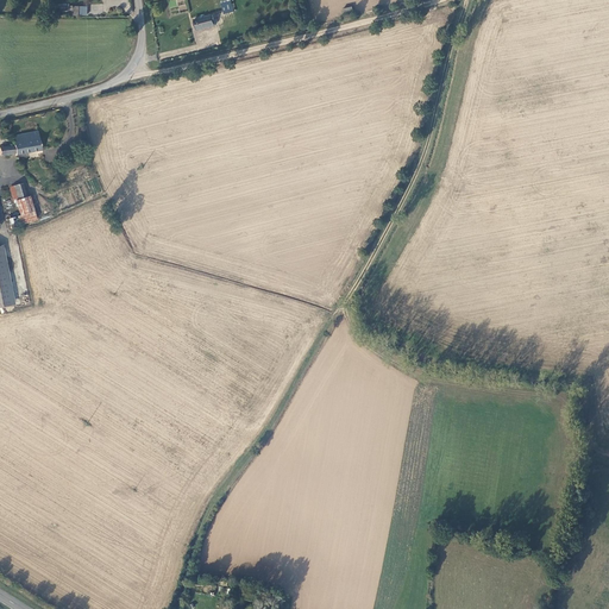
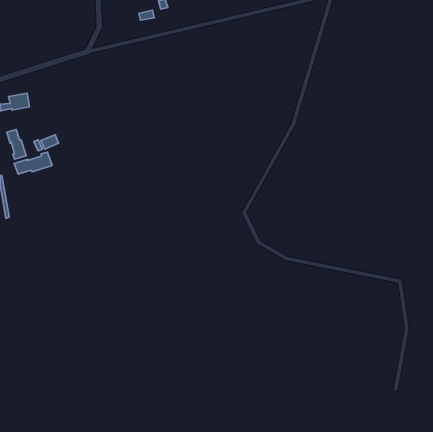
building: none -> [14,152,52,174]

